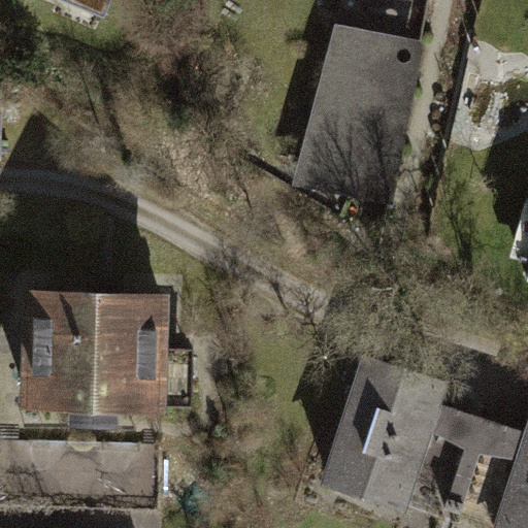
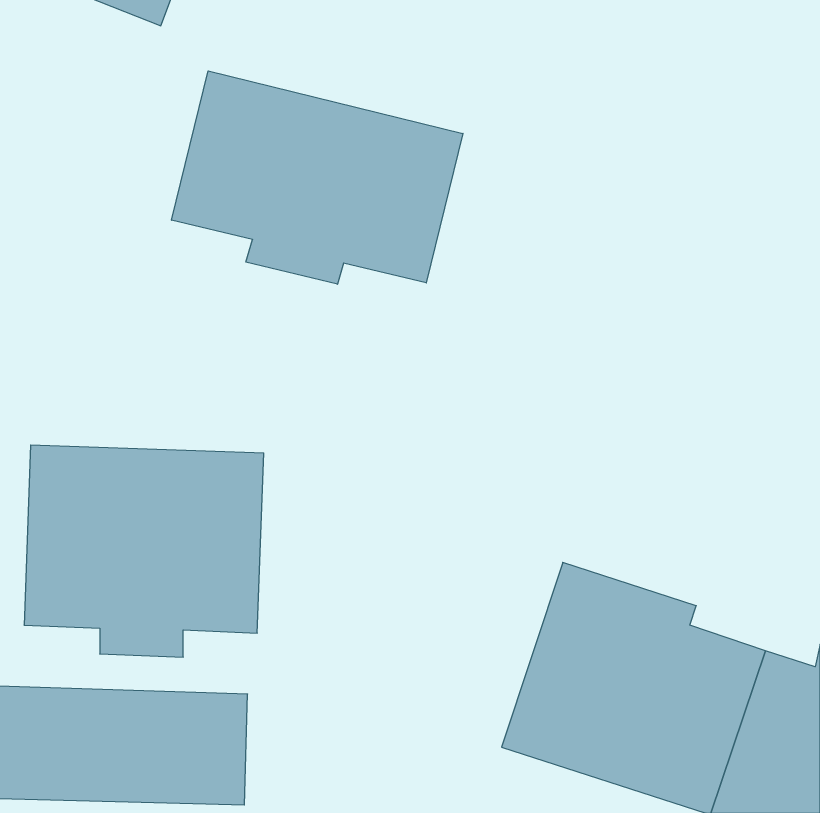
building: [292,26,424,205] -> none
building: none -> [172,71,463,284]

